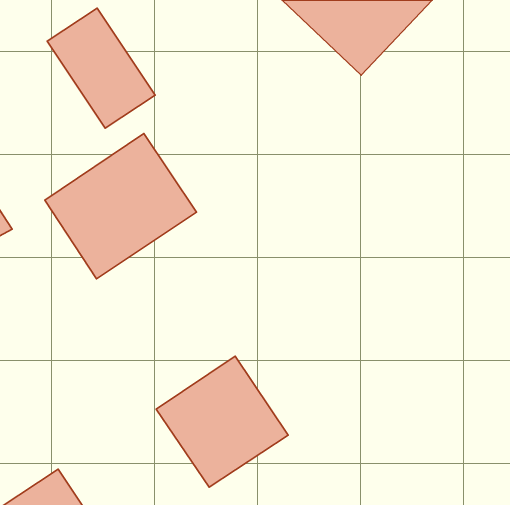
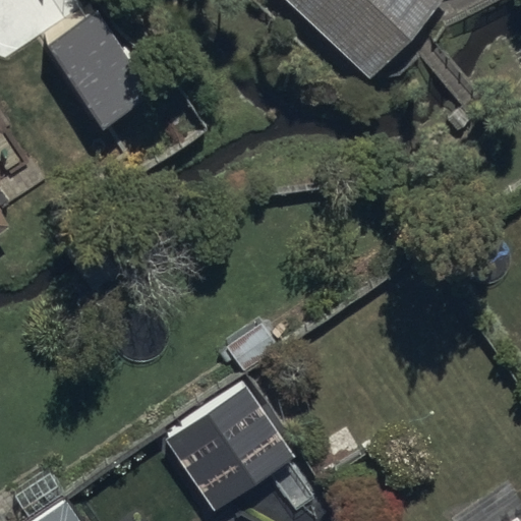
building: [45,133,196,279] -> none

